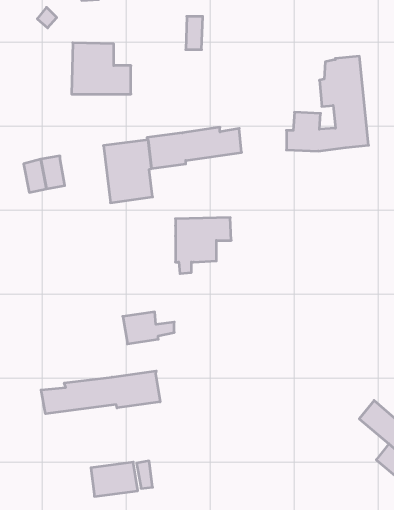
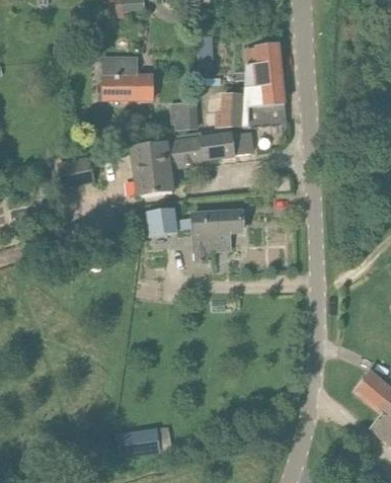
building: [286,56,369,151] -> [214,43,287,127]
building: none -> [169,101,198,129]
building: [123,312,174,344] -> [147,208,192,236]
building: [41,371,160,414] -> none

